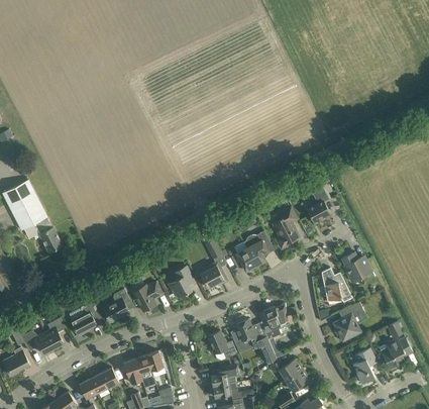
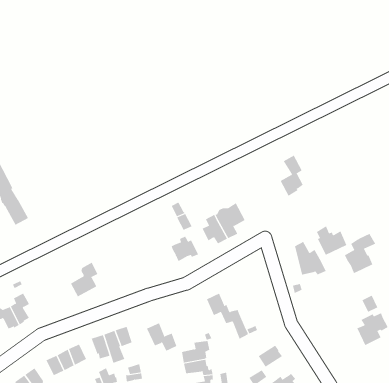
building: [272,207,298,247] -> none
building: [168,266,194,299] -> none
building: [131,282,162,311] -> none
building: [70,301,97,336] -> none
building: [332,302,363,341] -> [344,233,376,274]
building: [261,303,294,339] -> none
building: [206,330,236,359] -> [146,322,177,351]
building: [352,347,377,384] -> none
building: [270,359,302,380] -> none

